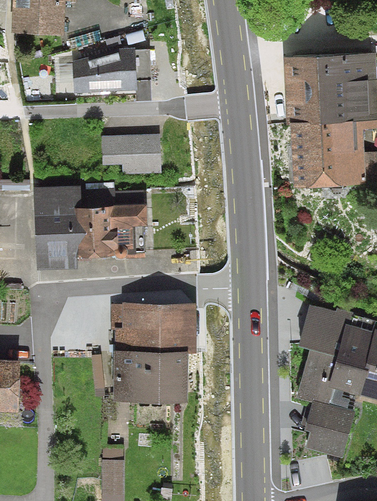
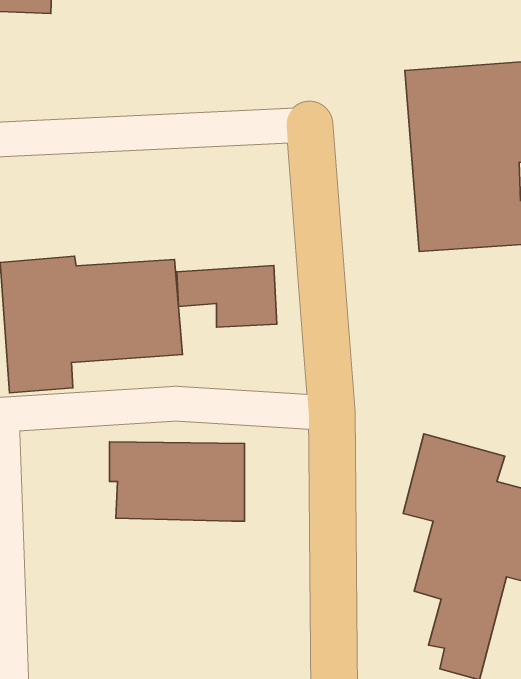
building: [69,49,136,95] -> none
building: [99,134,162,173] -> [177,265,277,327]
building: [109,351,183,402] -> none

